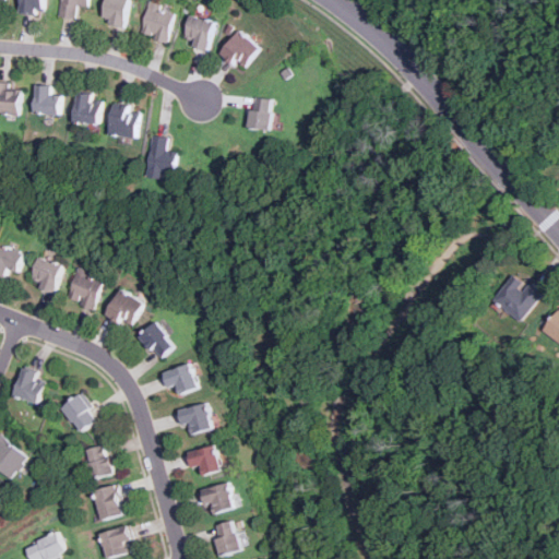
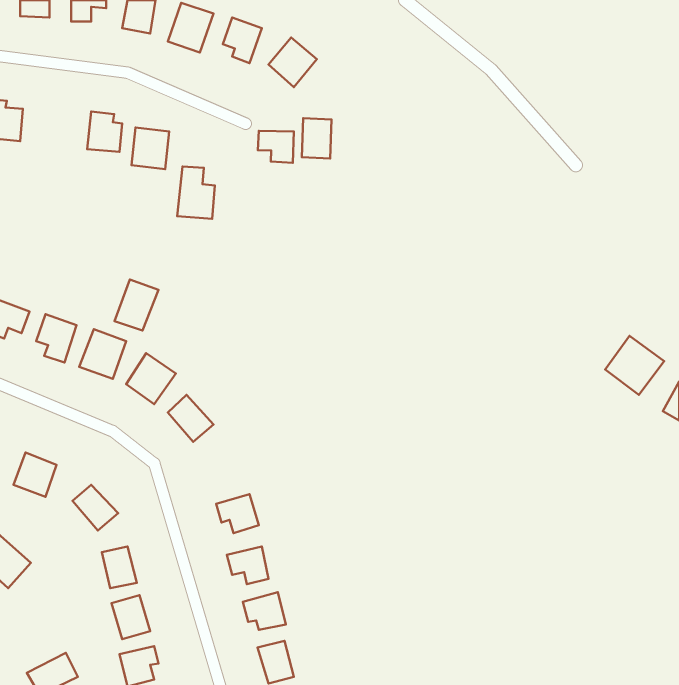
building: [32,84,59,116] -> none
building: none -> [258,131,294,163]
building: none -> [115,279,158,331]
building: [160,365,194,394] -> none

